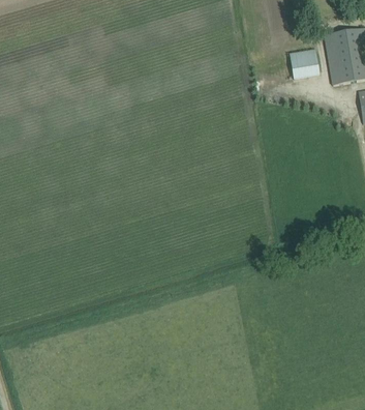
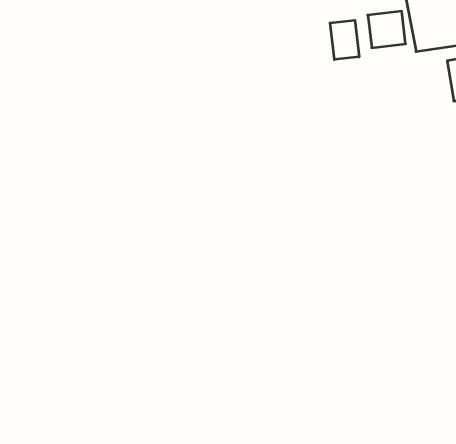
building: none -> [330,20,359,60]

